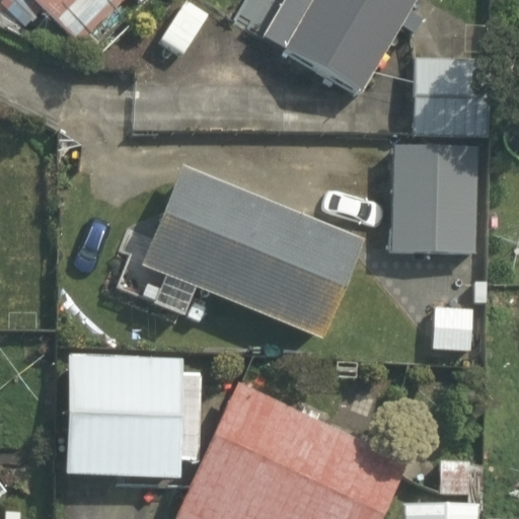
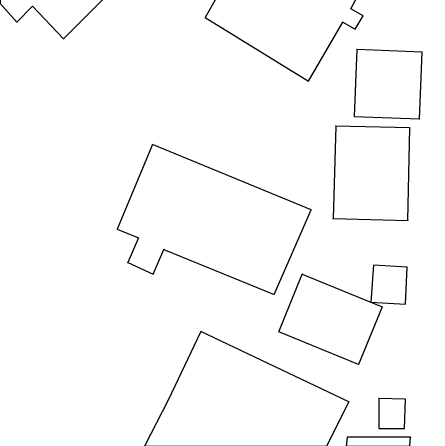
building: none -> [279,274,382,364]
building: [64,353,202,478] -> none

